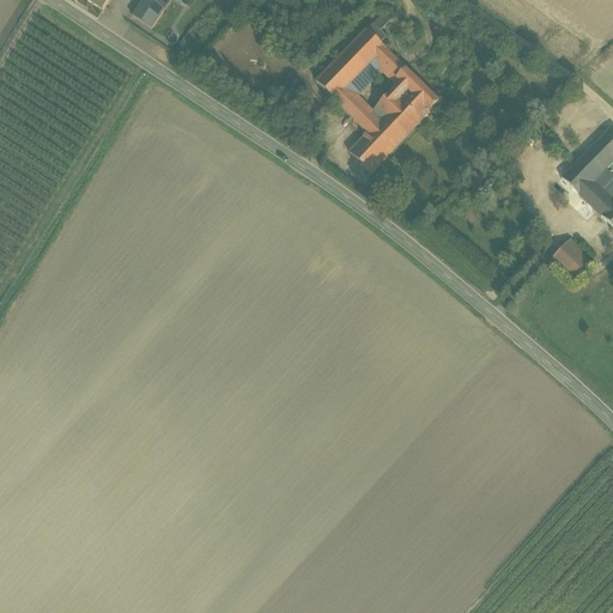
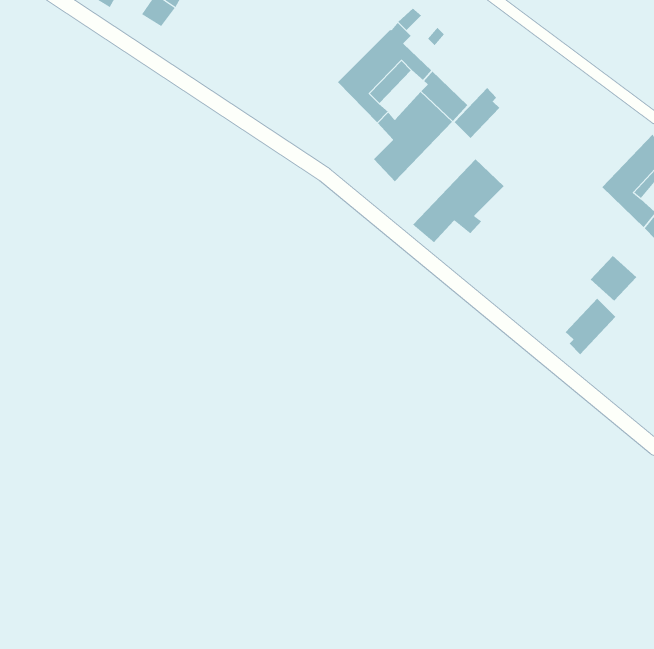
building: none -> [454,87,500,139]
building: none -> [412,158,505,243]
building: none -> [565,298,616,355]

